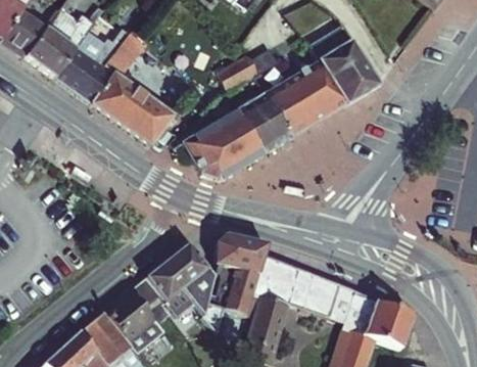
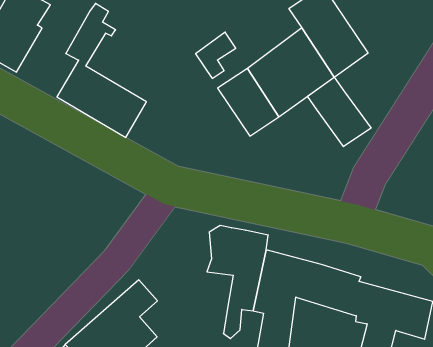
building: [54,22,126,102] -> none
building: none -> [308,77,371,147]
building: [175,106,260,177] -> none
building: [149,243,211,322] -> none

